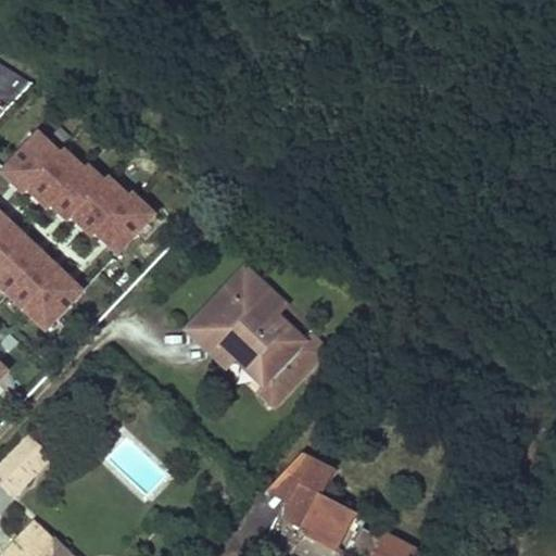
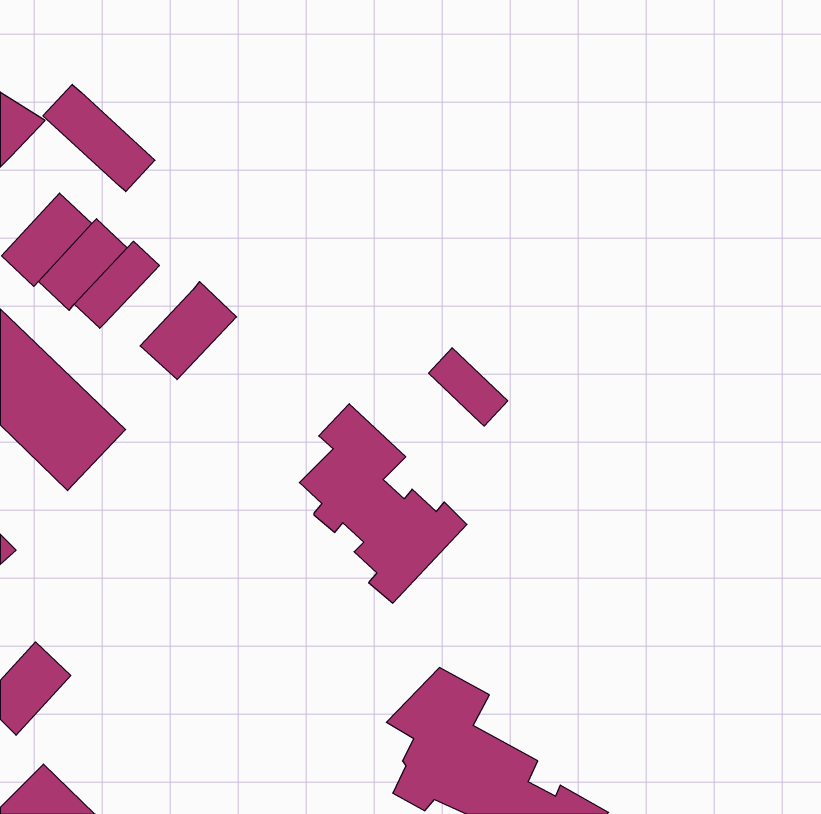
building: none -> [43,84,155,192]
building: [72,176,131,237] -> none
building: none -> [429,348,508,426]
building: [180,294,226,356] -> none

